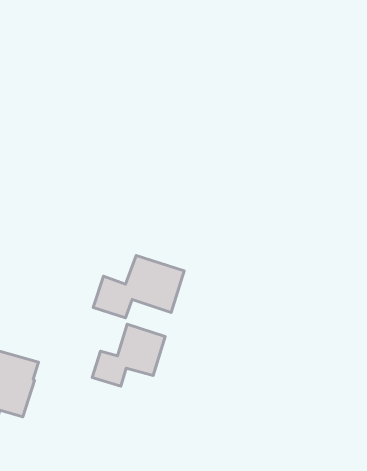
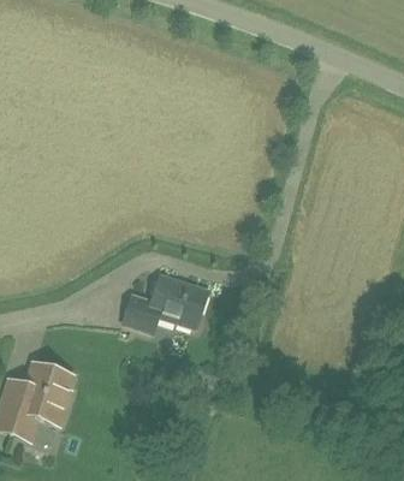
building: [92,324,165,386] -> none

